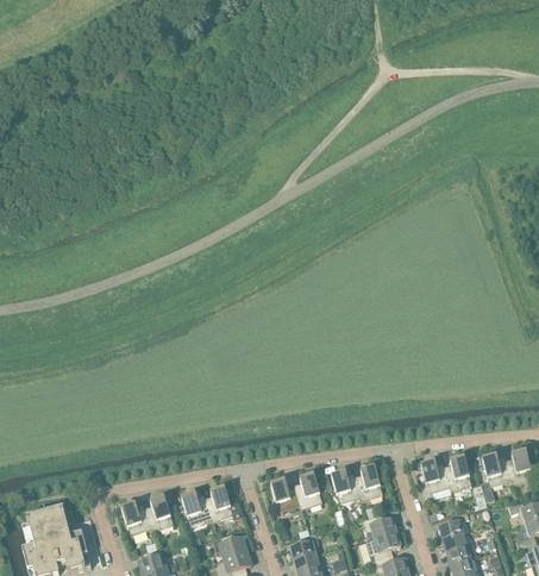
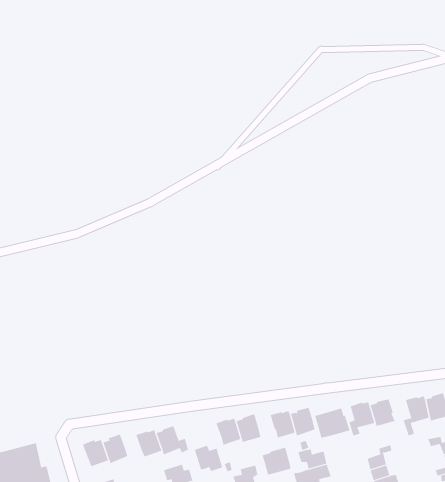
building: none -> [314,408,350,438]
building: none -> [194,445,223,472]
building: none -> [262,447,291,476]

